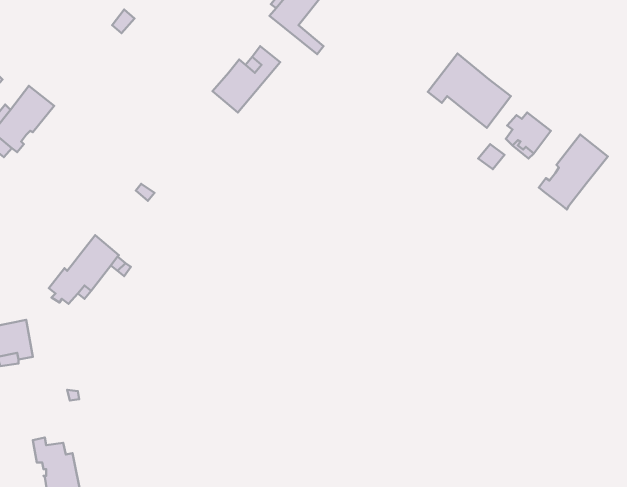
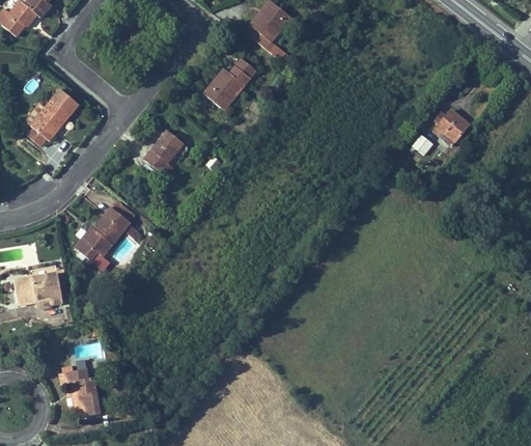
building: [428,54,511,128] -> none
building: [539,135,608,209] -> none
building: none -> [143,129,184,175]

